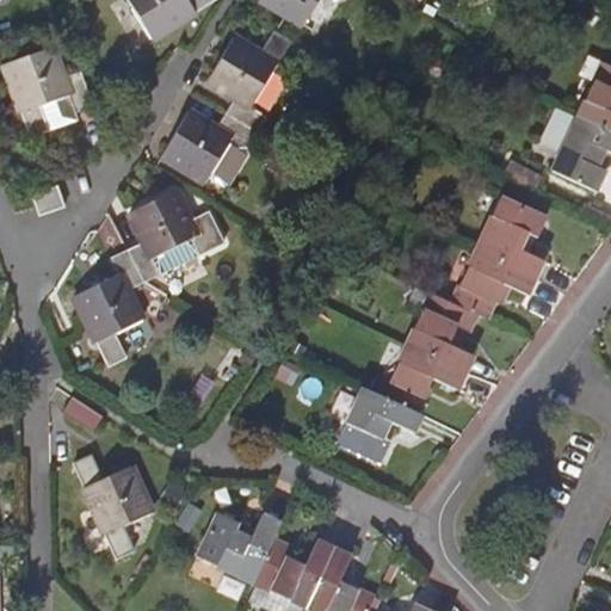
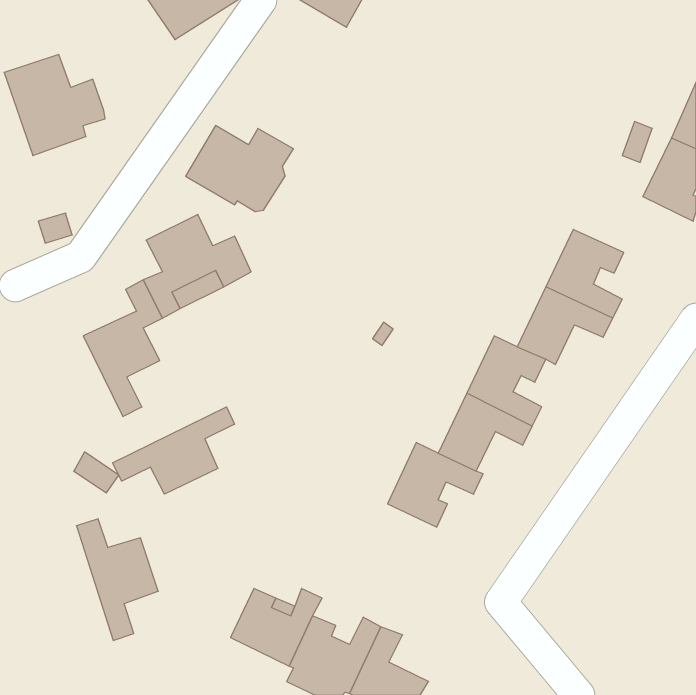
building: [209,27,291,130] -> none
building: none -> [113,407,235,494]

